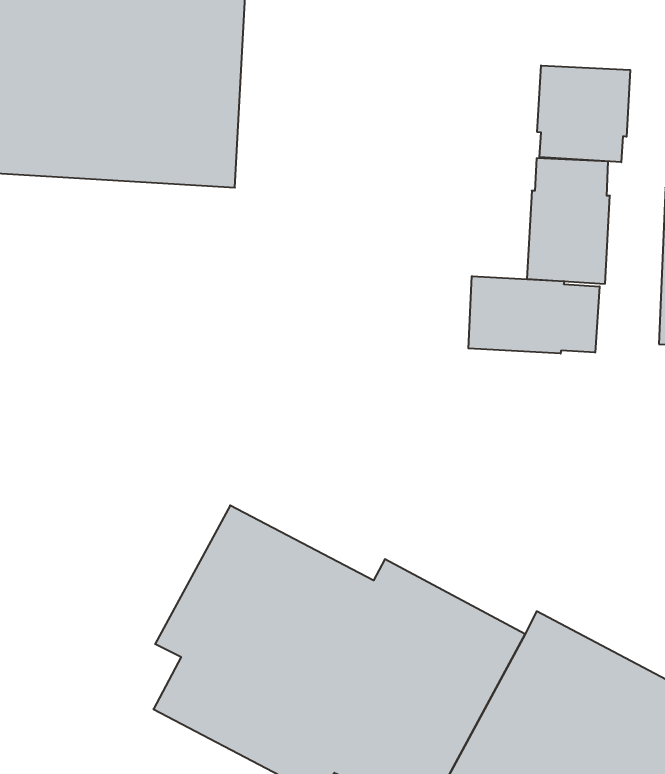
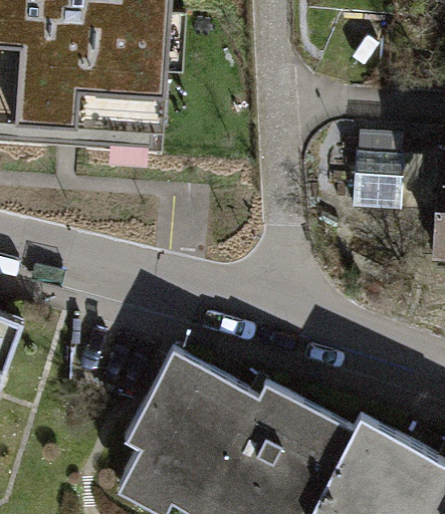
building: [537,65,630,162] -> none
building: [468,276,600,354] -> none

